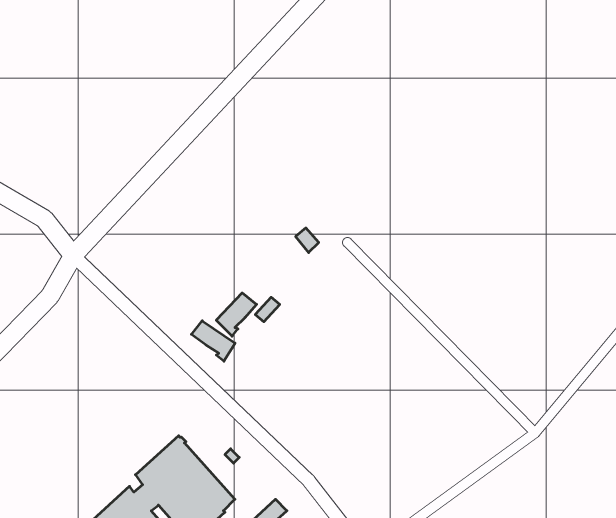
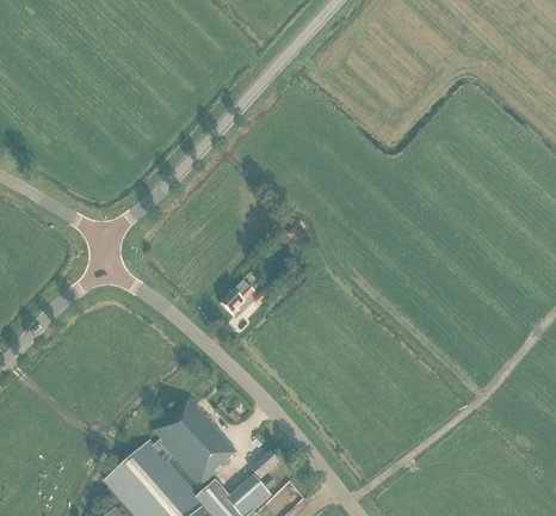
building: [191,321,235,361] -> none

